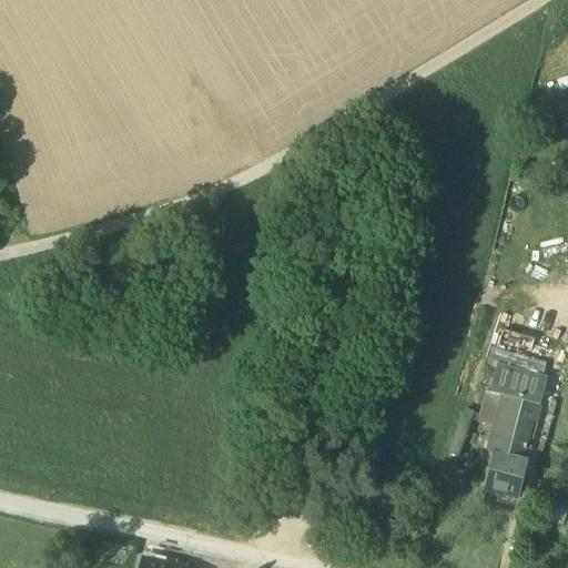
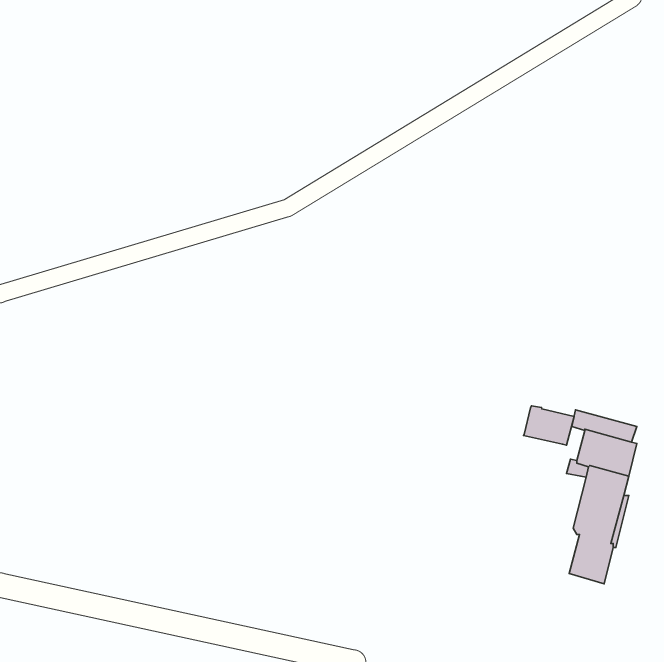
building: none -> [524,406,574,445]

